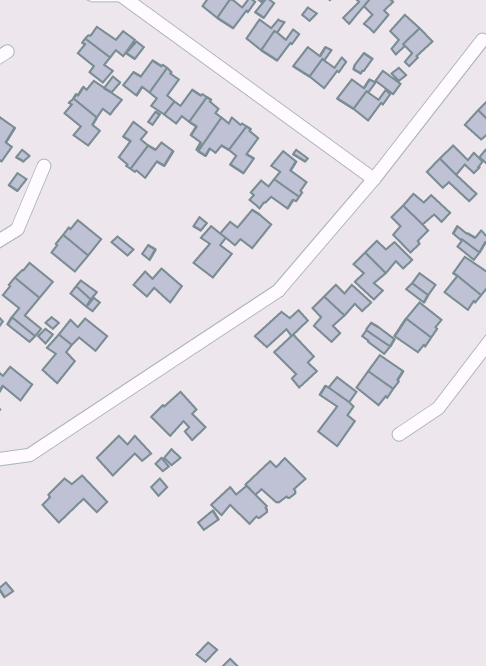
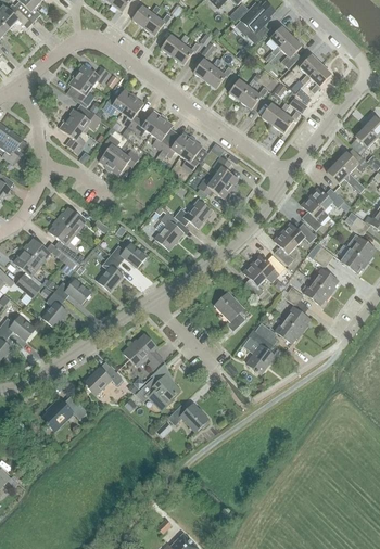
building: none -> [98,254,123,290]
building: [255,310,308,347] -> none
building: [245,458,305,502] -> [136,373,180,406]

